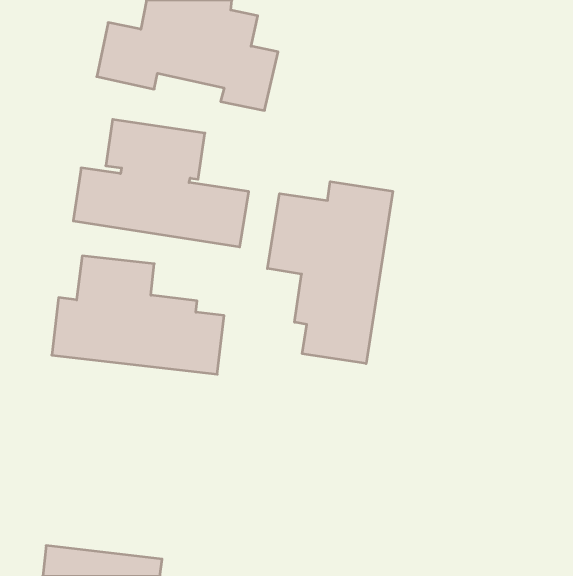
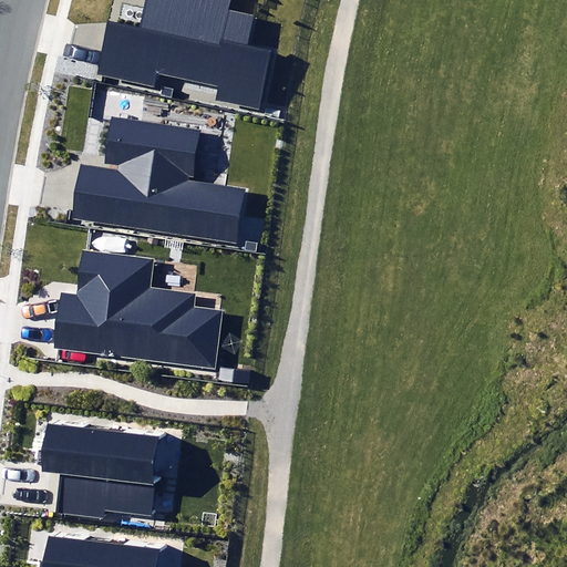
building: [267,182,393,364] -> none
building: none -> [43,423,163,519]

